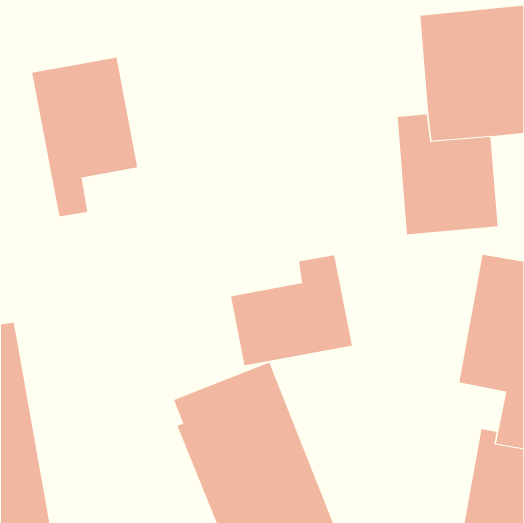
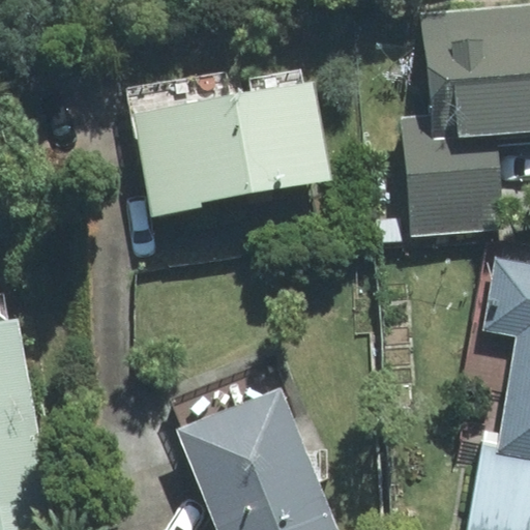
building: [31,57,138,217] -> none
building: none -> [131,71,330,216]
building: [231,254,352,366] -> none

